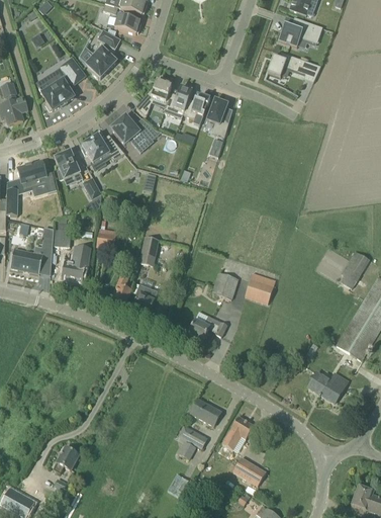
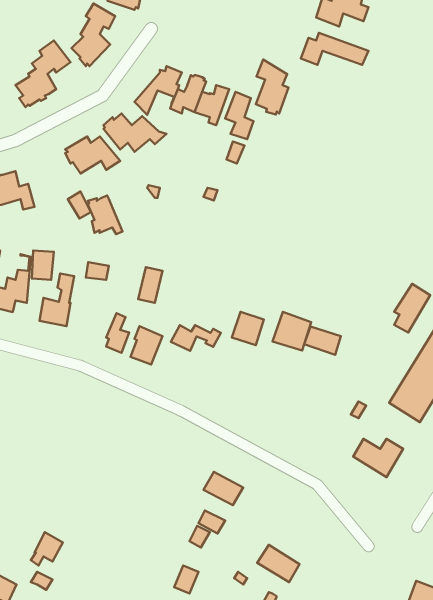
building: none -> [256,59,289,114]
building: [55,150,82,180] -> [88,196,123,234]
building: none -> [304,326,341,355]
building: [188,319,227,339] -> [171,325,221,351]
building: [222,416,254,449] -> none

